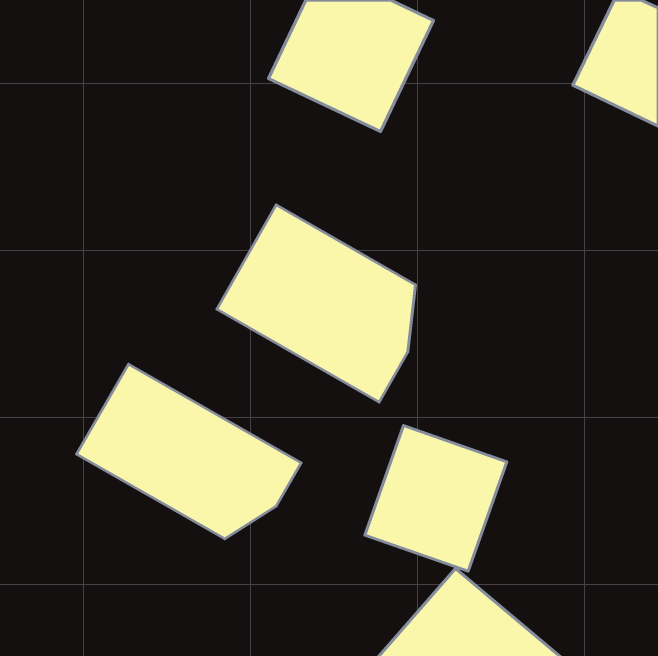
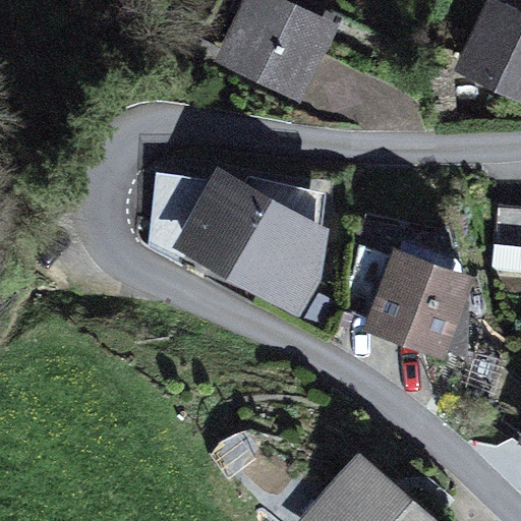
building: [76,364,301,539] -> none
building: [365,426,507,571] -> [363,245,475,360]

